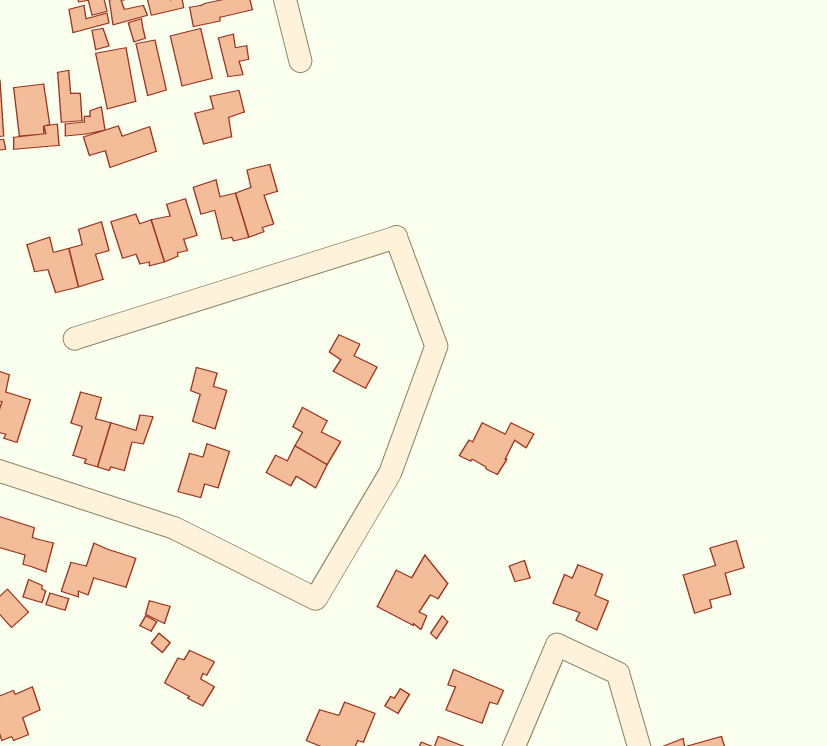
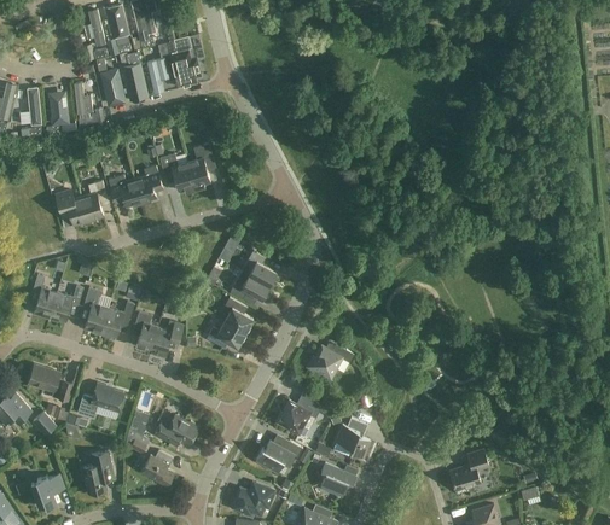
building: [195,90,244,144] -> none
building: [83,126,156,168] -> none
building: [190,367,227,429] -> [135,311,158,350]
building: none -> [231,274,269,298]
building: none -> [50,286,83,321]
building: [459,423,534,475] -> [307,346,354,379]
building: [683,541,744,613] -> [451,449,489,495]
building: [553,565,608,630] -> [336,418,371,459]
building: none -> [155,414,199,443]
building: none -> [256,441,303,472]
building: none -> [81,451,114,494]

